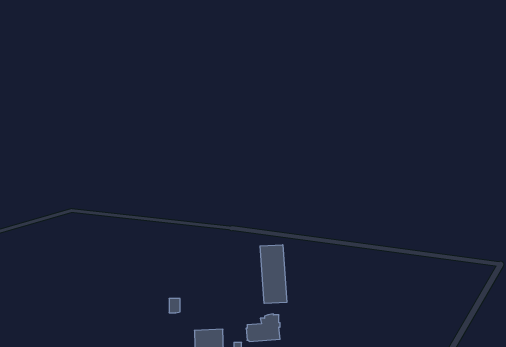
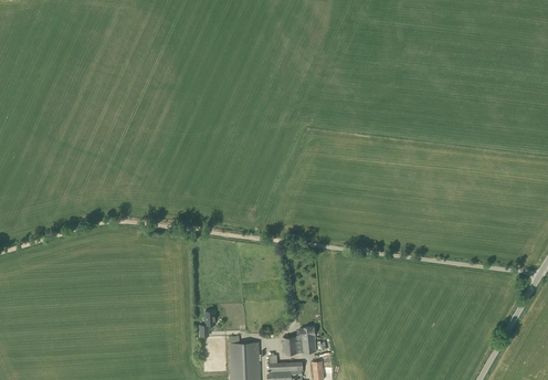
building: [260,245,287,303] -> none

